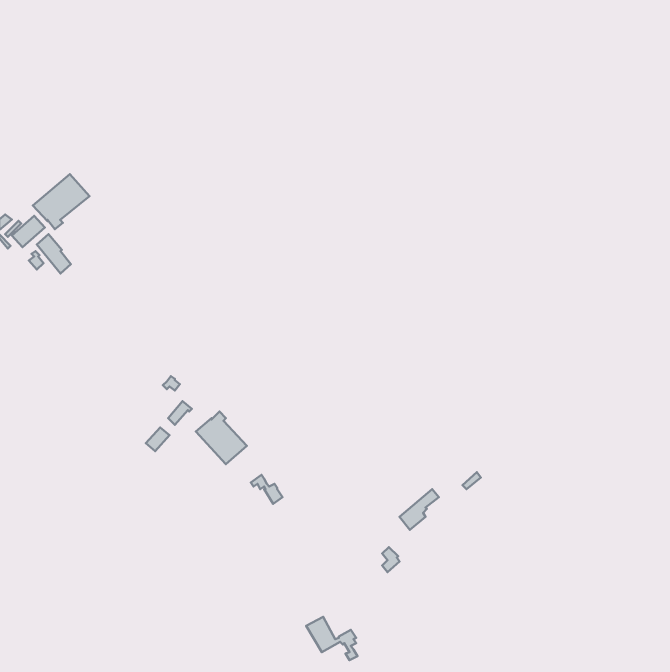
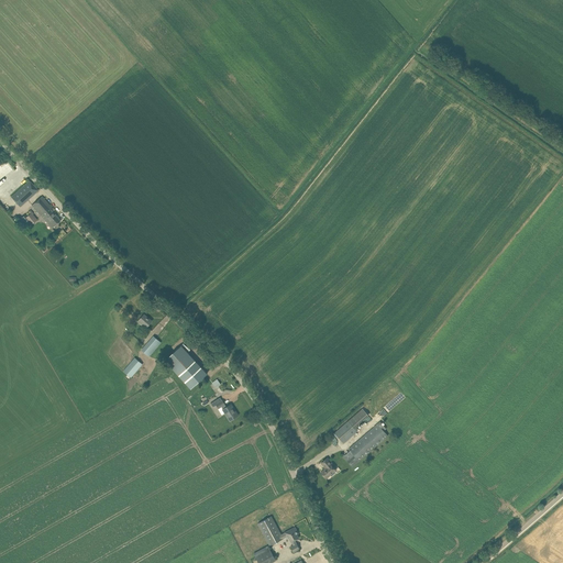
building: [33,174,89,229] -> none
building: none -> [347,421,387,461]

